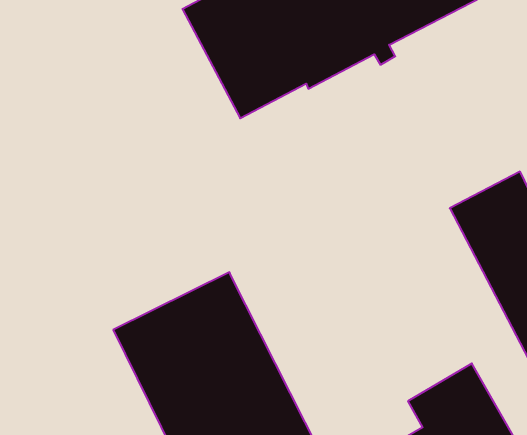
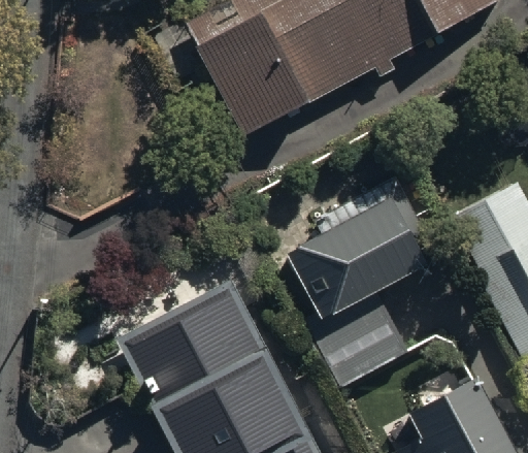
building: none -> [286,179,436,390]

